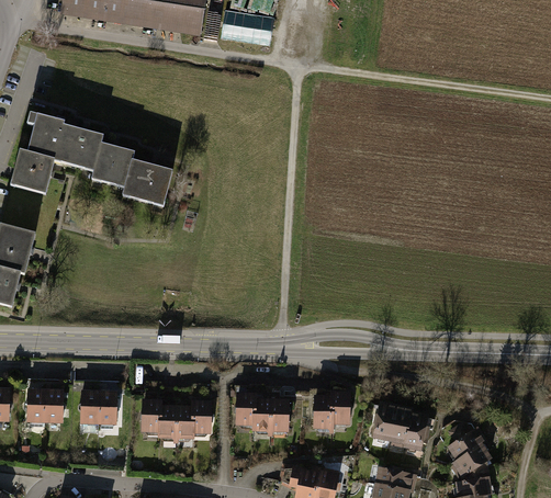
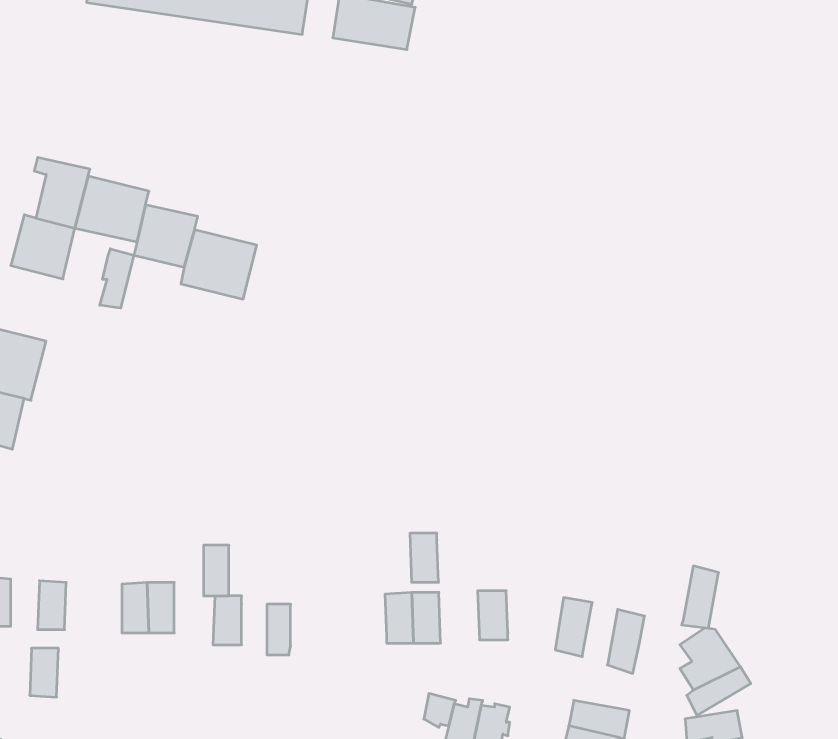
building: none -> [100,249,134,308]
building: [46,392,65,423] -> [30,648,58,697]
building: [334,393,352,425] -> none
building: [237,395,256,427] -> [410,533,439,582]
building: [193,403,212,434] -> none
building: [382,405,406,445] -> [682,566,719,628]
building: [161,406,178,439] -> [204,545,229,596]

